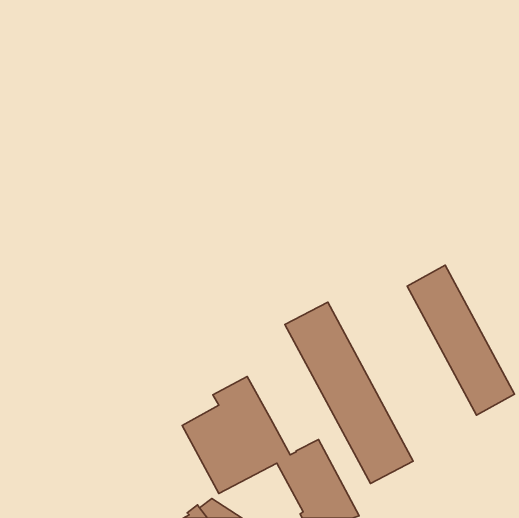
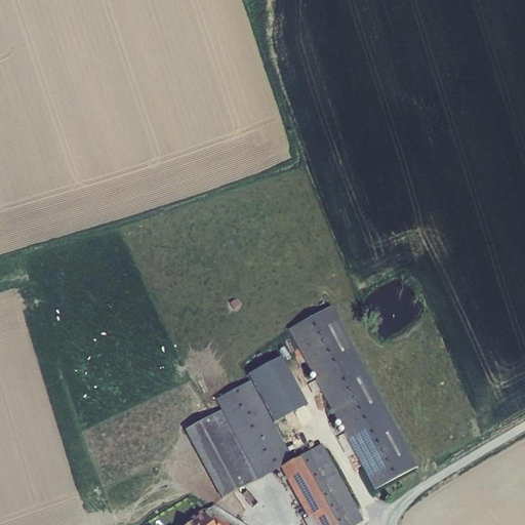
building: [407,265,515,415] -> none
building: none -> [248,356,307,422]

